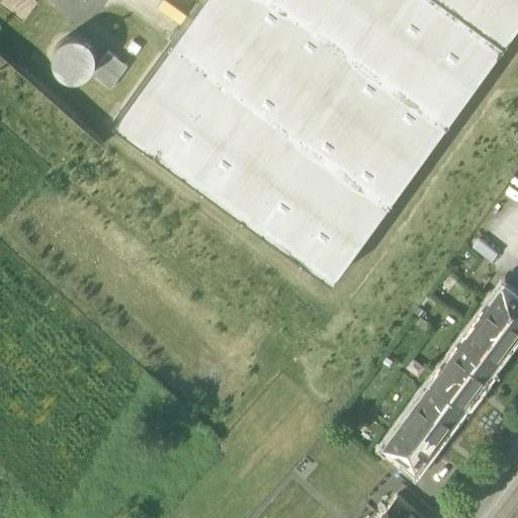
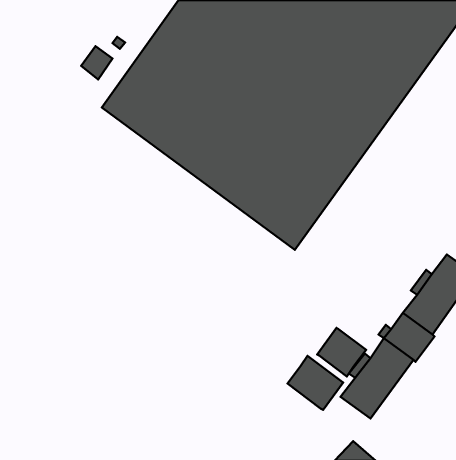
building: [57,37,99,81] -> none
building: none -> [317,328,366,376]
building: none -> [287,356,343,410]

